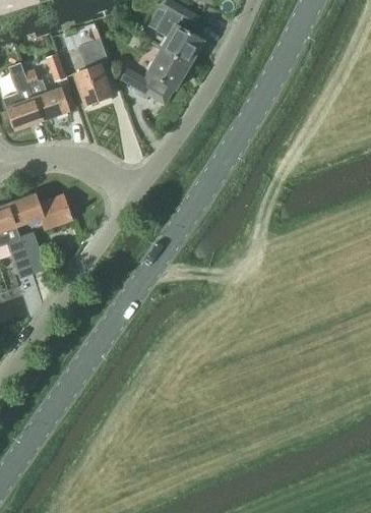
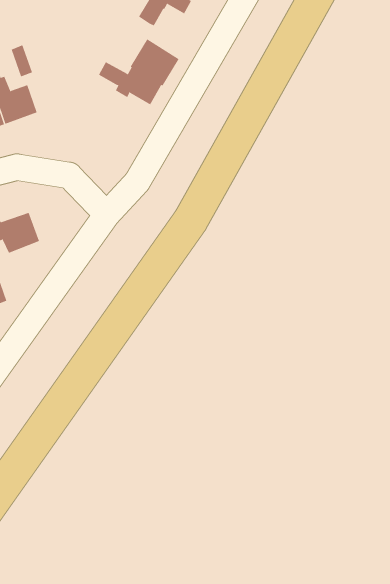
building: [162,23,204,65] -> none
building: [74,38,112,105] -> none

